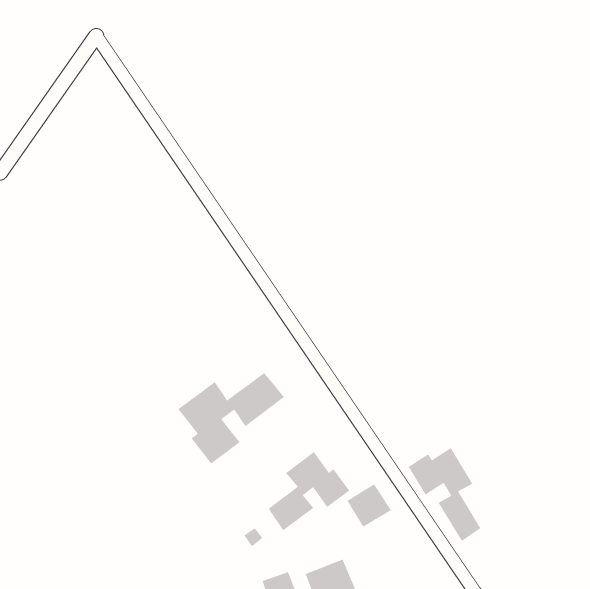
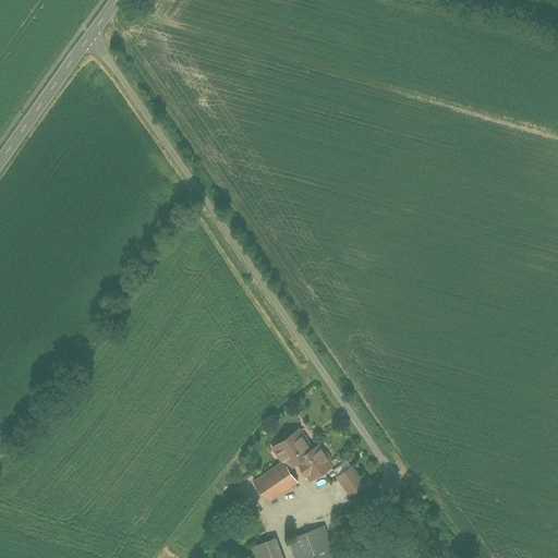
building: [178,372,285,464] -> none
building: [408,447,481,542] -> none

